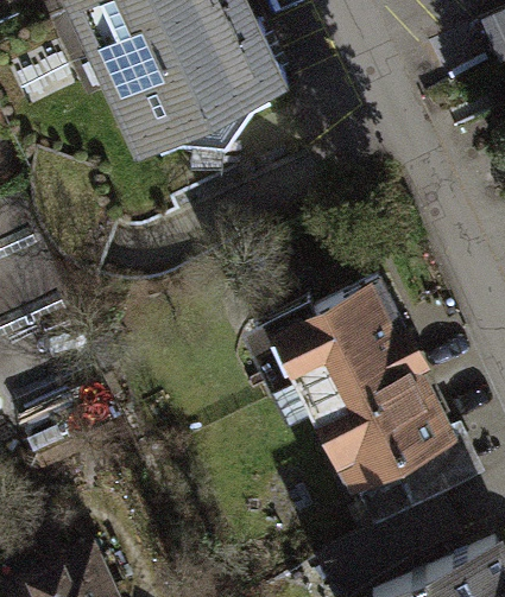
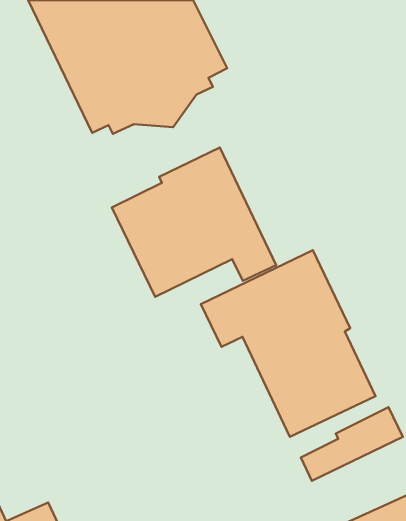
building: none -> [112,148,276,297]

